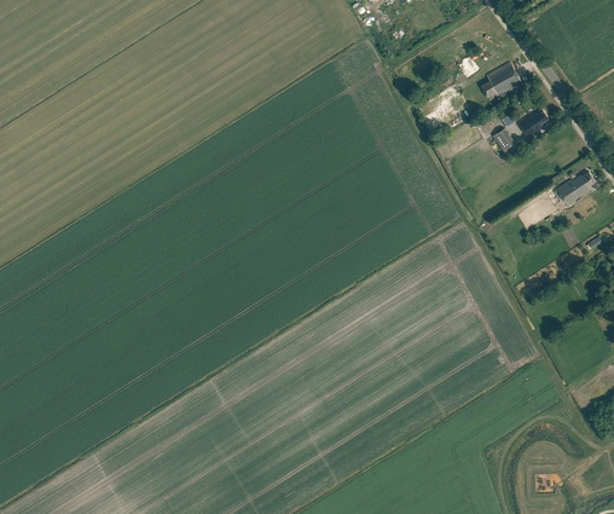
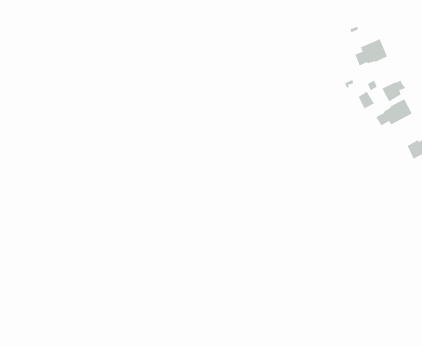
building: none -> [376,99,412,126]

